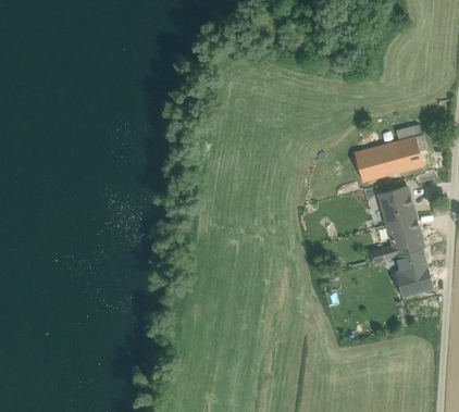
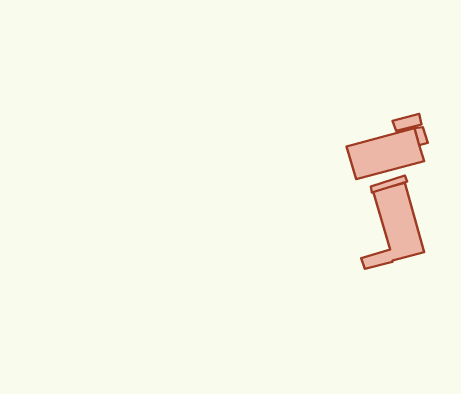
building: [396,248,434,297] -> none

